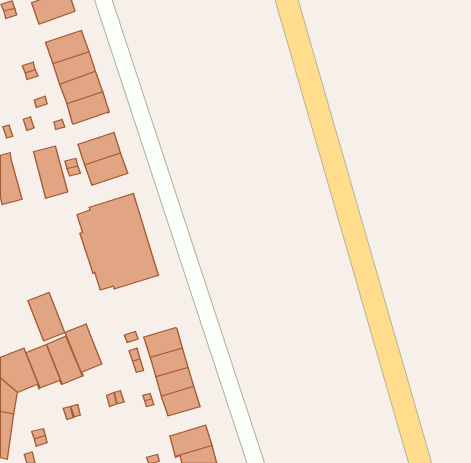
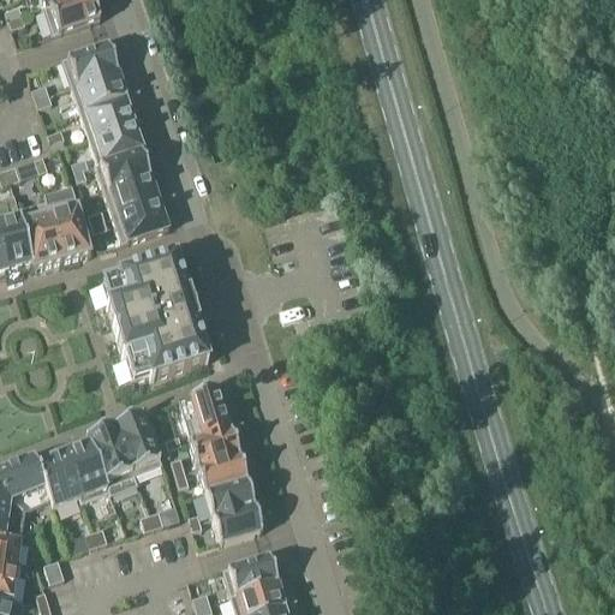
building: none -> [95,145,151,187]
building: none -> [18,197,62,264]
building: [28,293,65,341] -> [115,410,163,472]
building: none -> [190,383,233,438]

